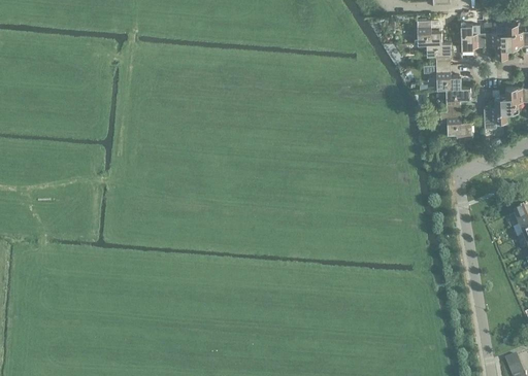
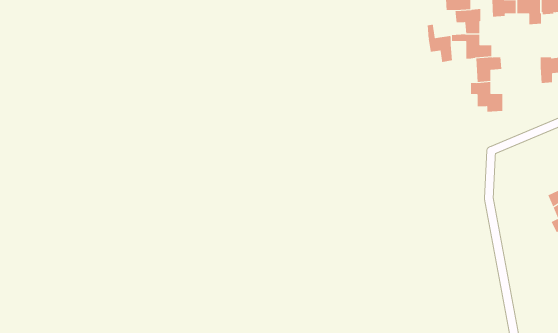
building: none -> [427,24,453,63]
building: [484,97,508,129] -> none

